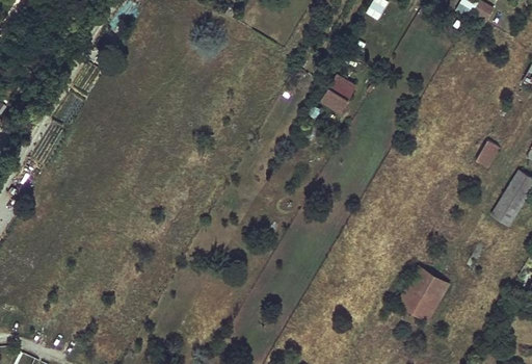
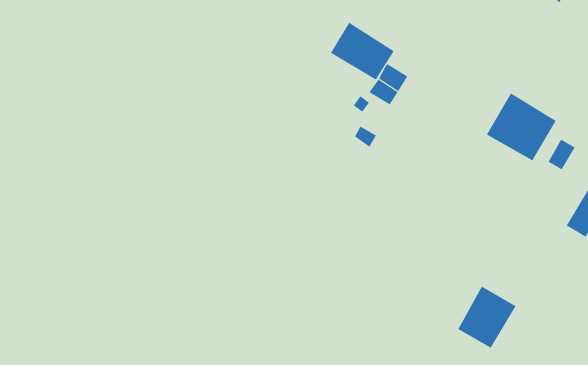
building: none -> [330,22,394,80]
building: none -> [486,92,556,161]

